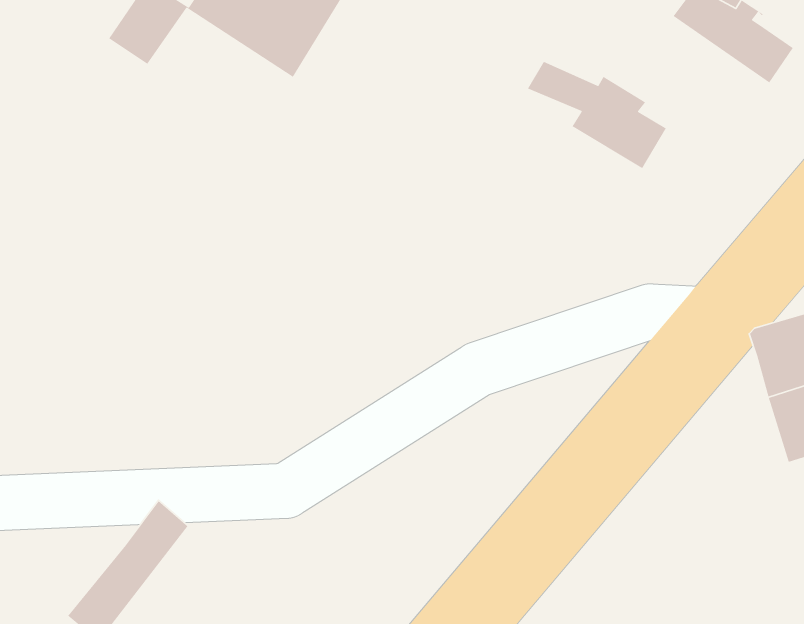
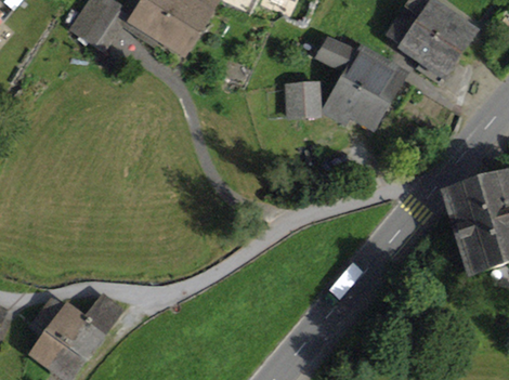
building: none -> [389,15,458,81]
building: none -> [324,79,384,126]
building: none -> [287,82,319,117]
building: none -> [35,301,84,363]

